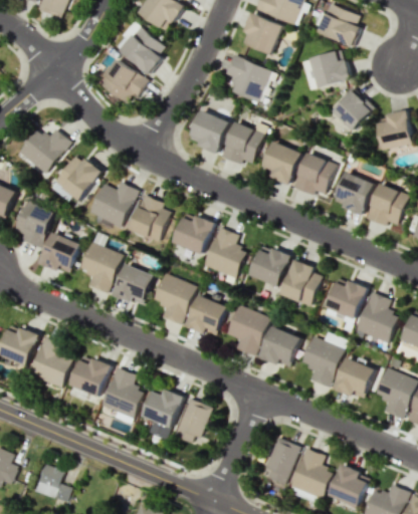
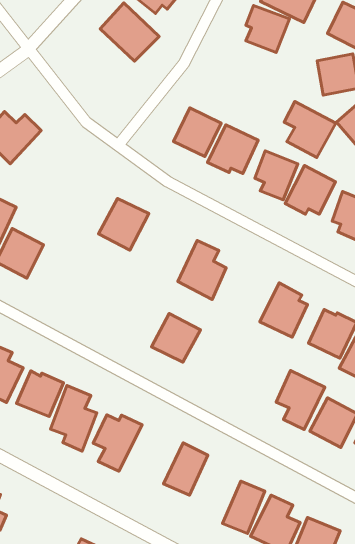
building: [224,54,270,102] -> [284,102,336,158]
building: [96,58,147,102] -> none
building: [54,155,100,200] -> none
building: [88,182,137,227] -> none
building: [172,211,214,254] -> none
building: [78,241,122,293] -> none
building: [248,243,290,286] -> none
building: [113,263,154,306] -> none
building: [153,273,195,324] -> none
building: [226,304,269,355] -> none
building: [259,325,300,367] -> none
building: [173,398,210,444] -> [164,443,208,495]

